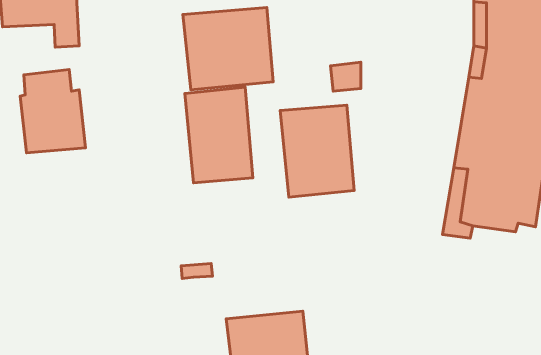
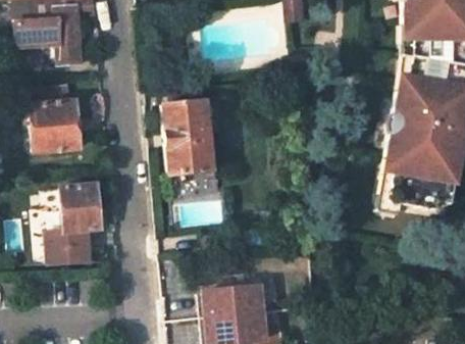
building: [183,7,273,90] -> none
building: [280,105,354,197] -> none
building: none -> [47,184,103,262]

